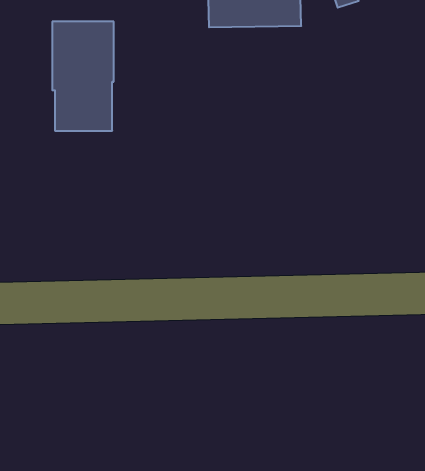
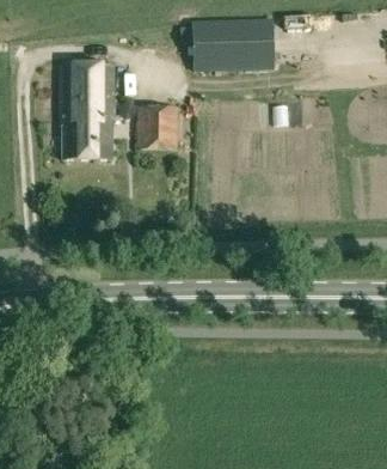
building: none -> [136,105,177,148]

